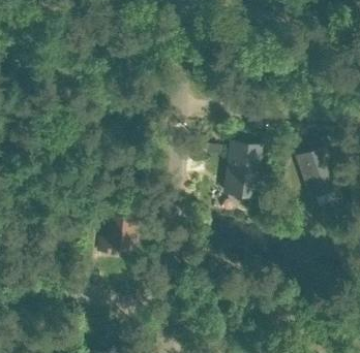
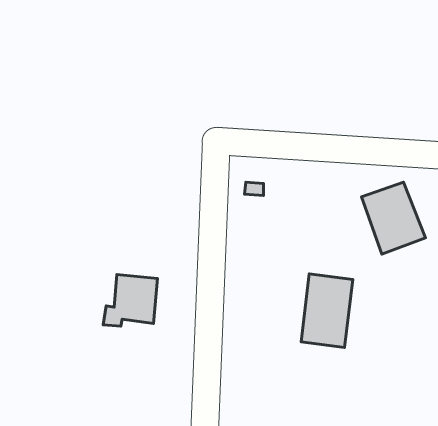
building: [223,140,263,196] -> [301,274,353,347]

